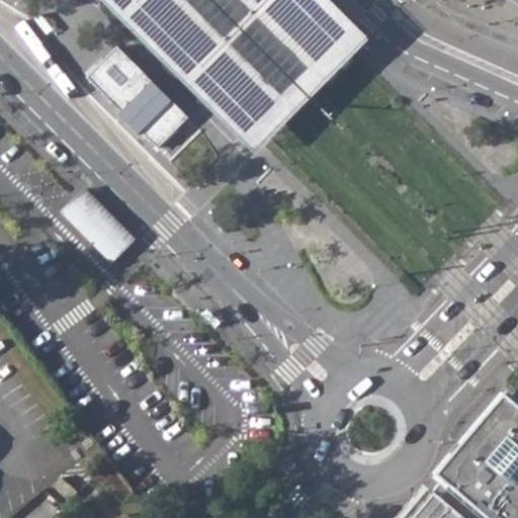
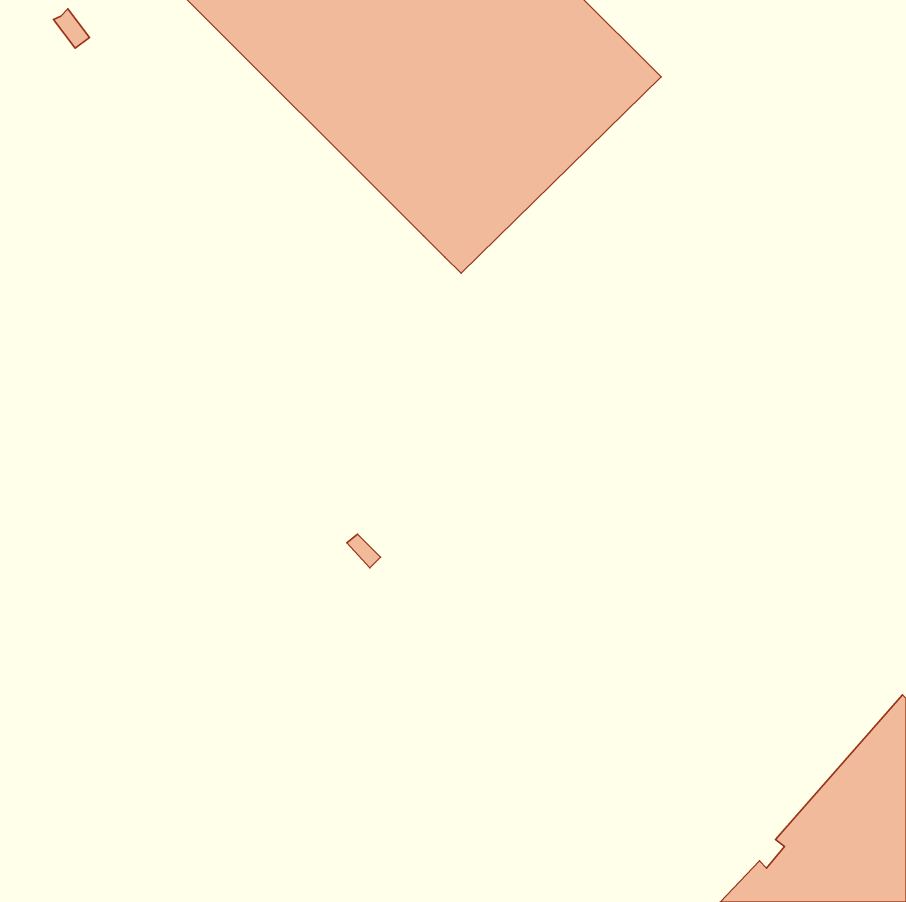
building: [83,41,185,143] -> none
building: [59,184,132,256] -> none

